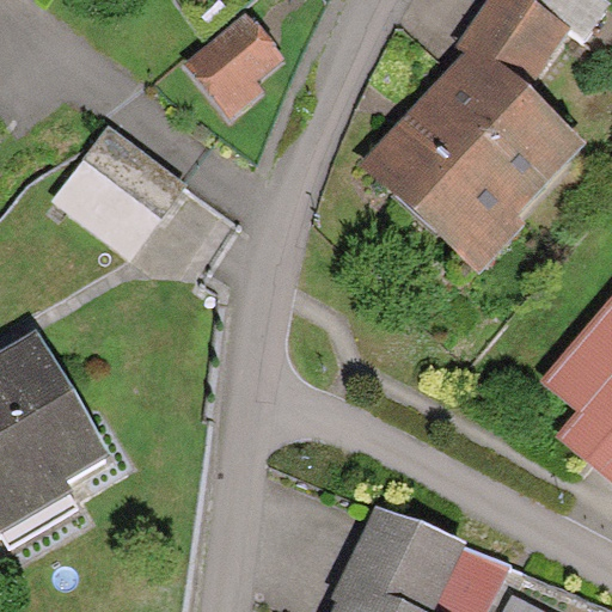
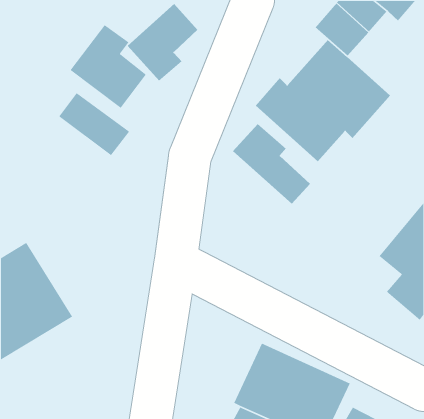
building: none -> [70,24,147,109]
building: none -> [232,123,311,205]

